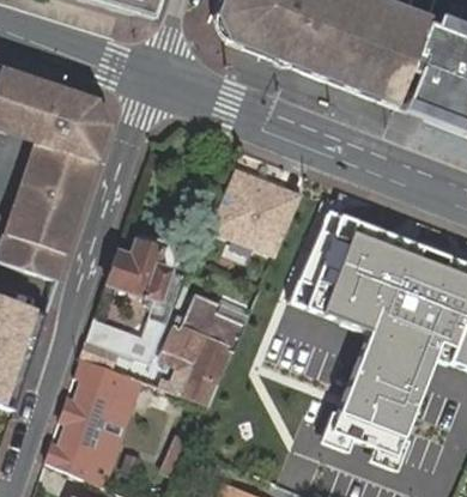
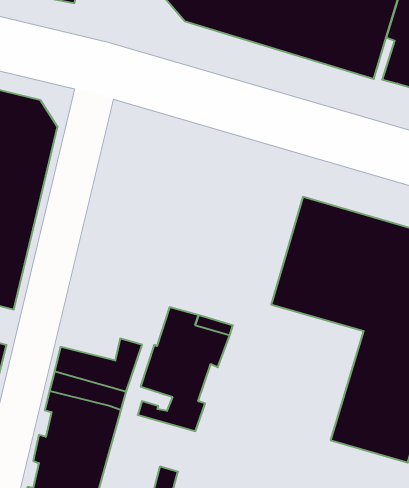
building: [207,165,302,259] -> none
building: [108,241,170,307] -> none

